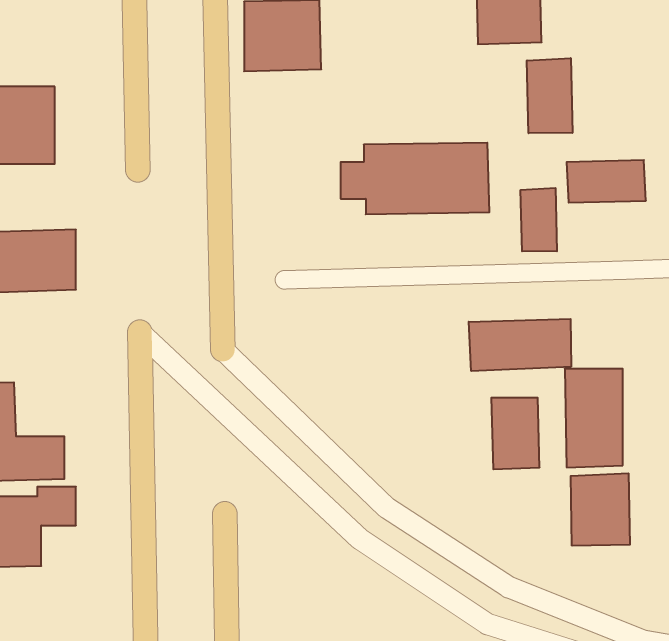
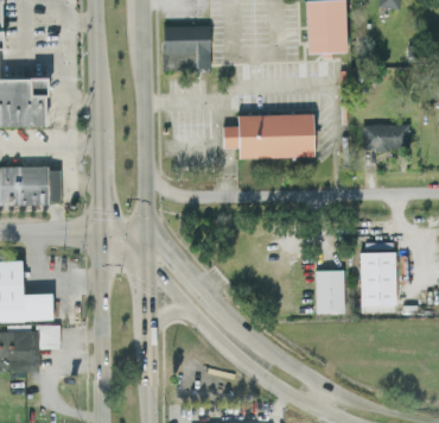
building: [527,58,572,133] -> none
building: [521,188,557,251] -> none
building: [469,319,571,371] -> none
building: [571,473,630,546] -> none

